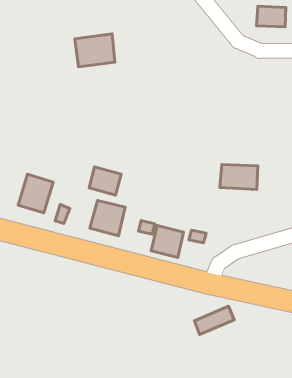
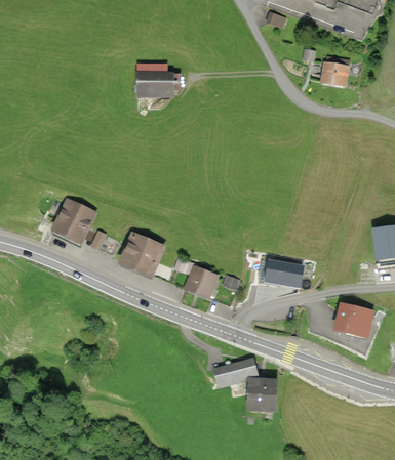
building: [220,165,258,190] -> [266,256,307,286]
building: [89,167,121,195] -> none
building: none -> [252,377,276,407]

